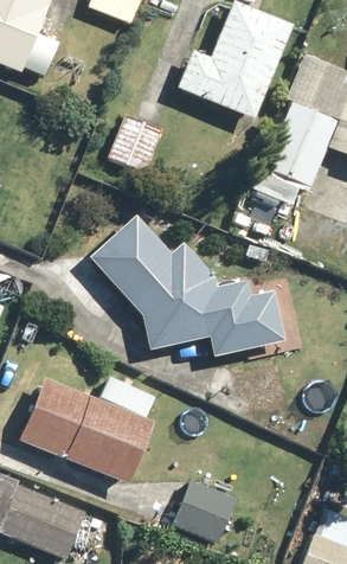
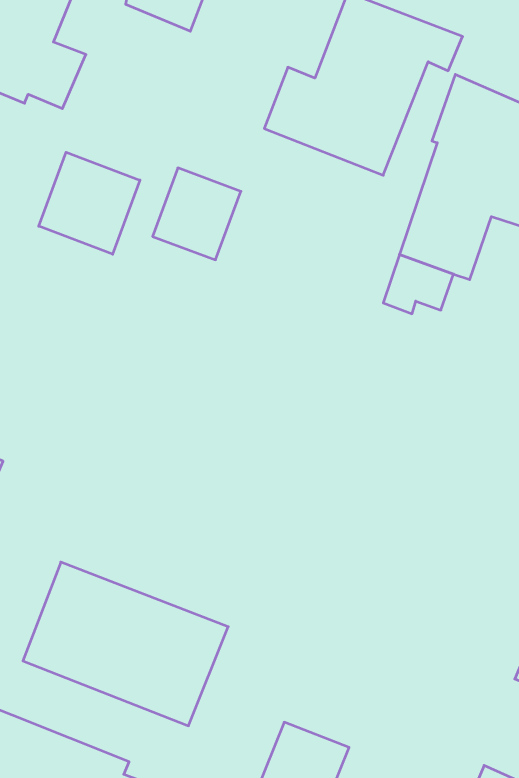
building: none -> [39,152,140,254]
building: [90,214,283,355] -> none

